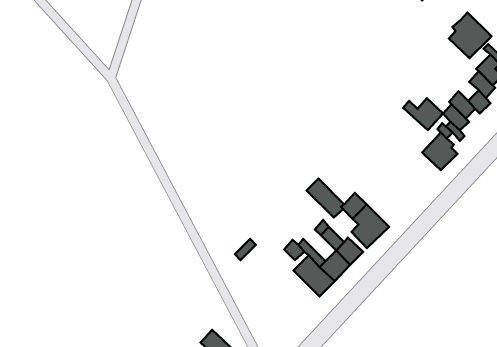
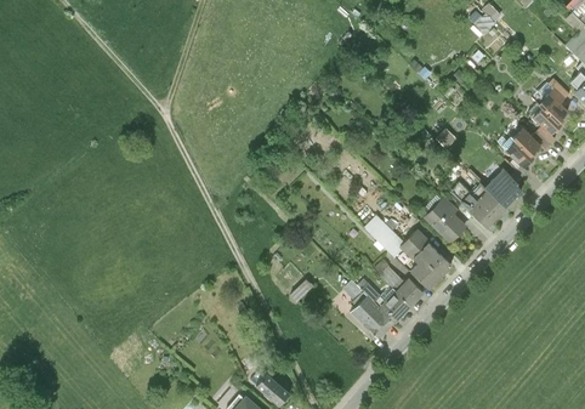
building: [449,12,491,58] -> none
building: [403,98,443,130] -> [462,193,504,226]
building: none -> [425,199,464,242]

